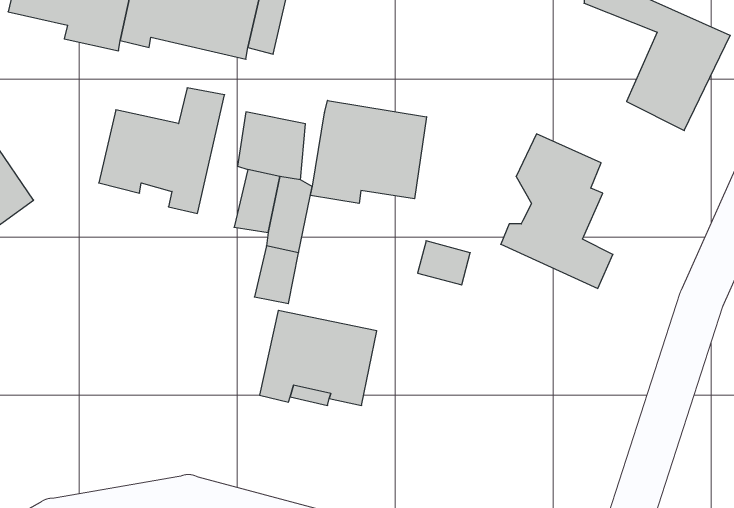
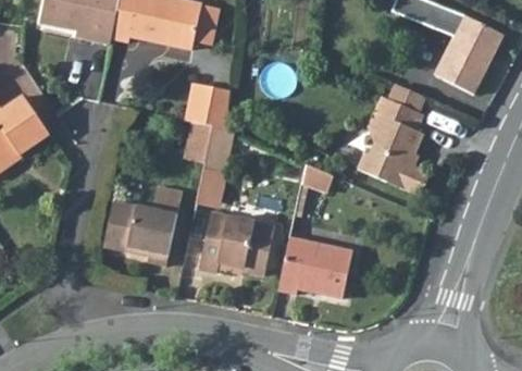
building: [99,88,225,213] -> [103,184,184,264]
building: [310,100,427,203] -> none
building: none -> [277,236,353,295]

